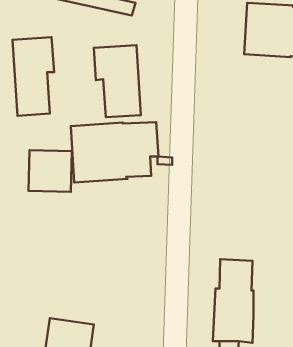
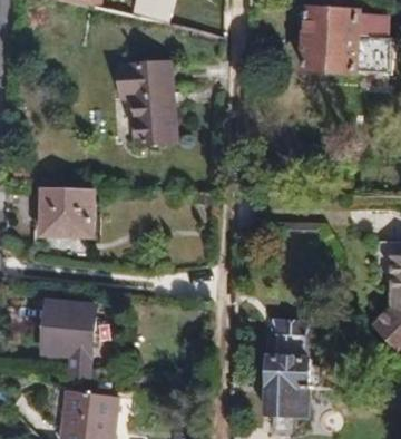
building: [13,37,54,116] -> none
building: [71,122,158,182] -> none
building: none -> [41,300,96,358]

